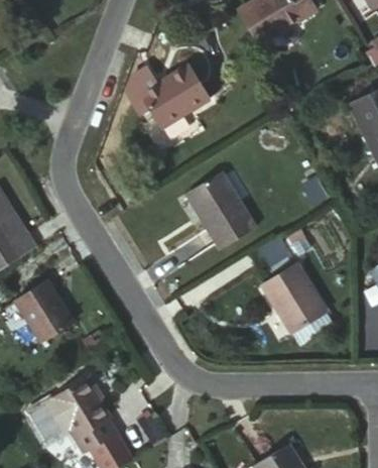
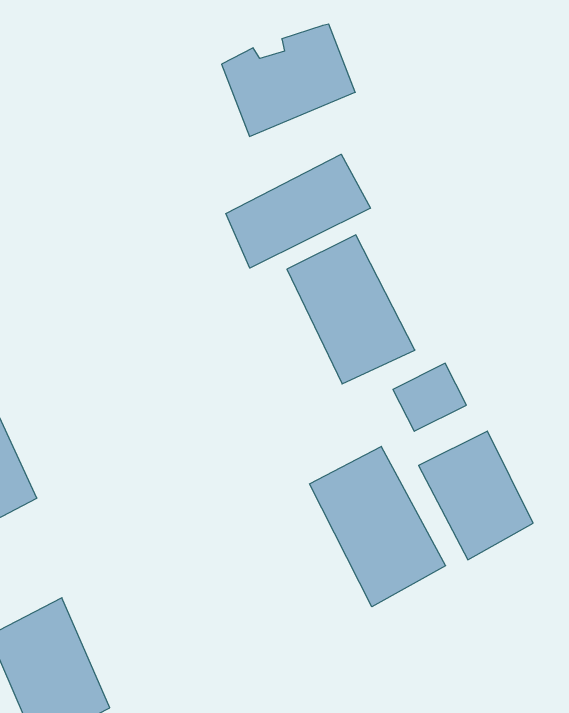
building: none -> [226,154,370,268]
building: none -> [310,446,446,607]

